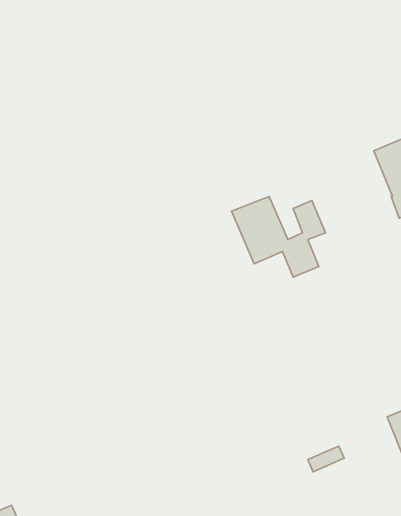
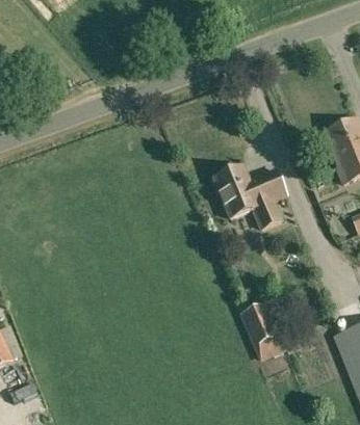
building: none -> [241,303,283,356]

